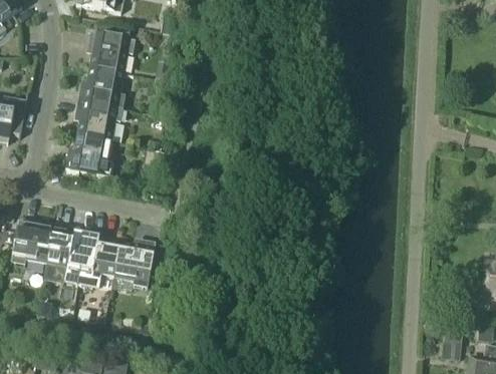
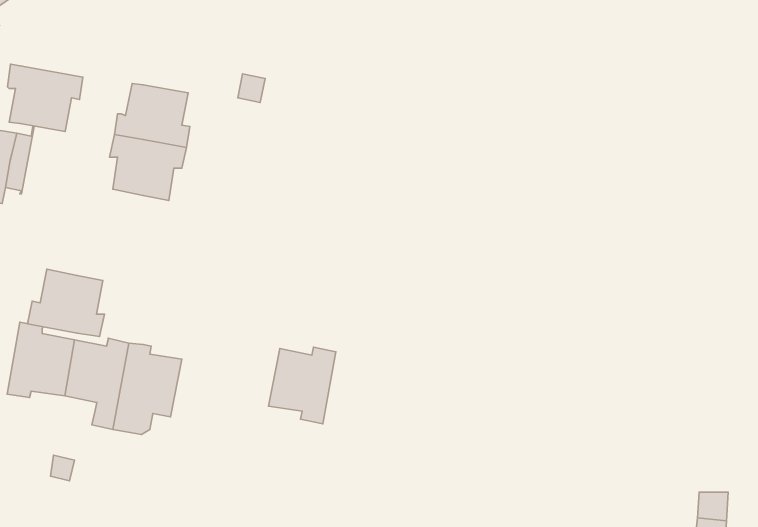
building: [87,31,135,73] -> [7,64,83,132]
building: [64,133,112,175] -> [27,269,104,337]
building: [112,239,155,287] -> [268,347,336,424]

